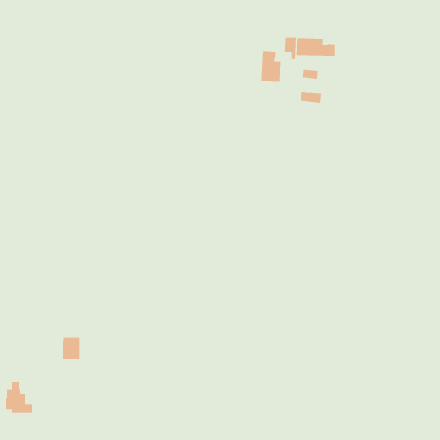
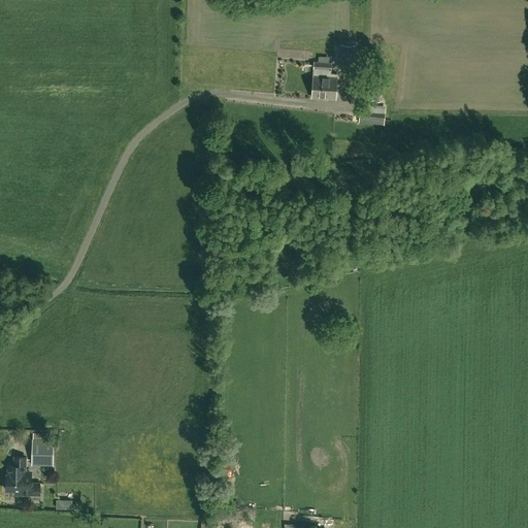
building: [296,38,335,57] -> none
building: [62,337,80,360] -> [31,439,53,466]

